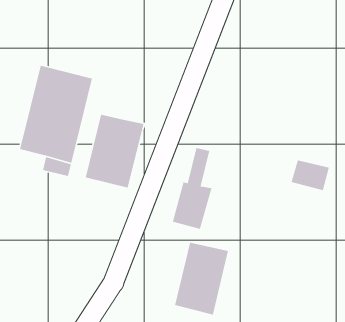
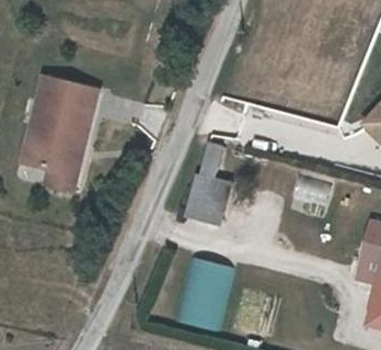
building: [85,114,144,188] -> none

